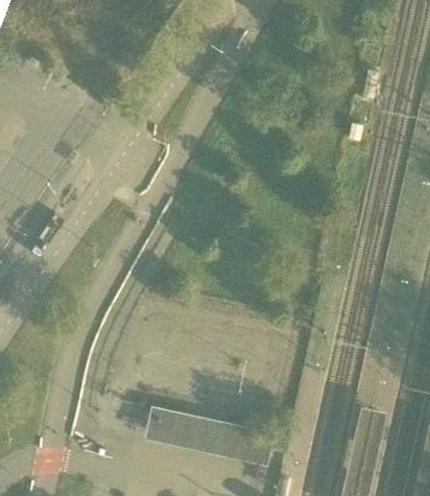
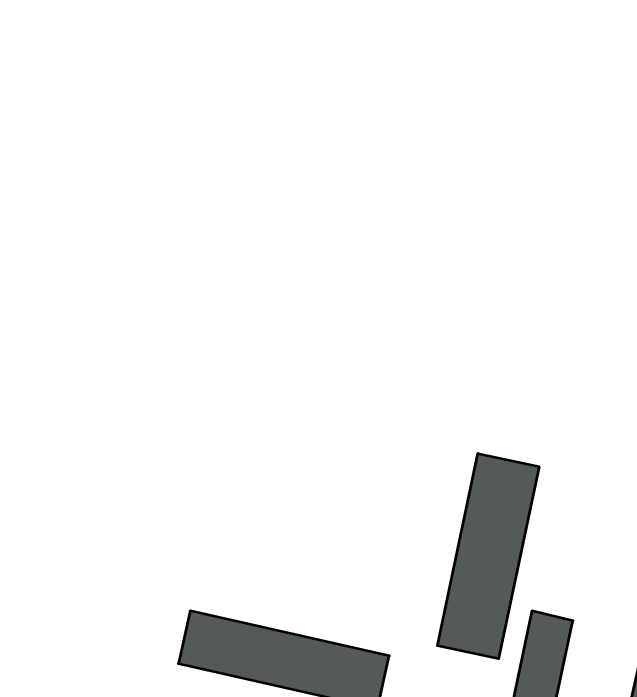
building: none -> [437,453,539,659]

